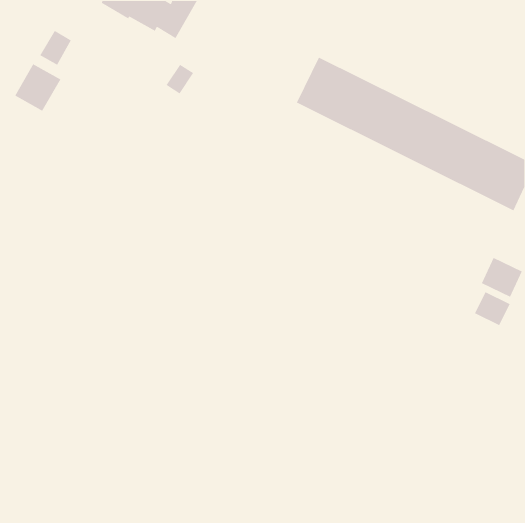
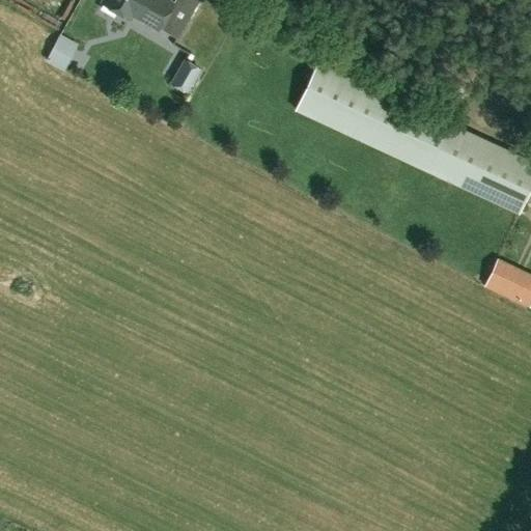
building: [14,63,61,112] -> none
building: [474,291,511,326] -> none

